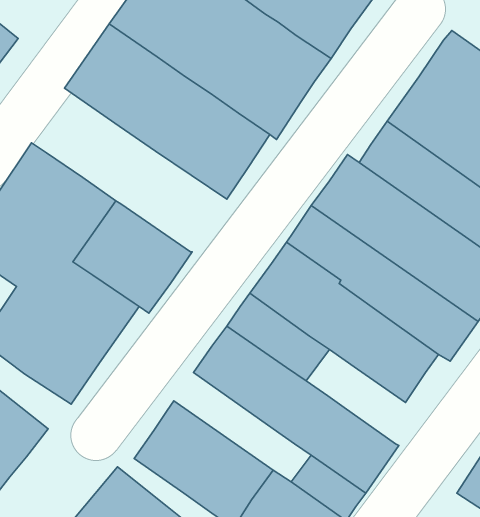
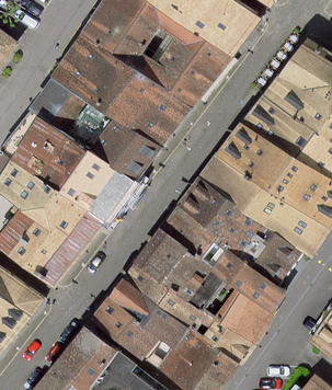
building: none -> [27,76,159,184]
building: none -> [211,249,286,311]
building: none -> [124,264,215,329]

